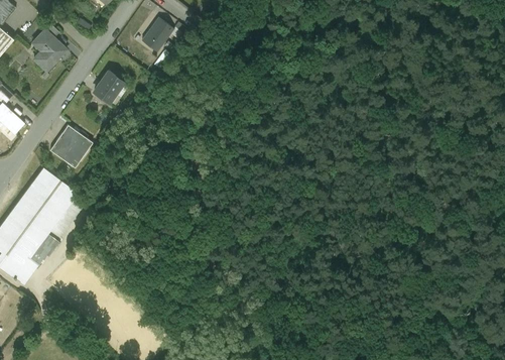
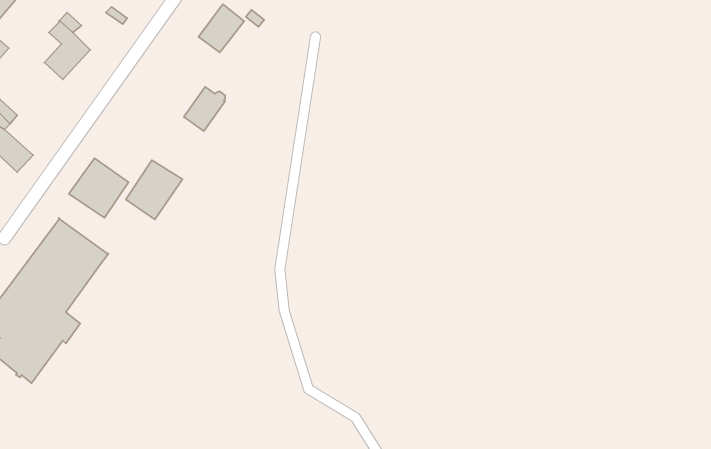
building: [94,71,123,102] -> [184,87,225,131]
building: none -> [126,160,182,219]

